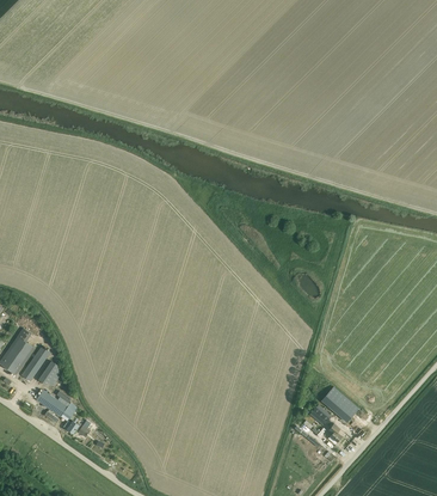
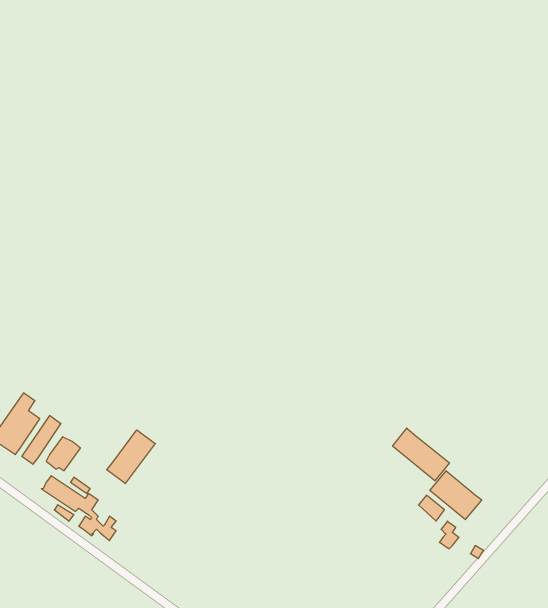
building: none -> [393,428,449,481]
building: none -> [107,430,155,484]

